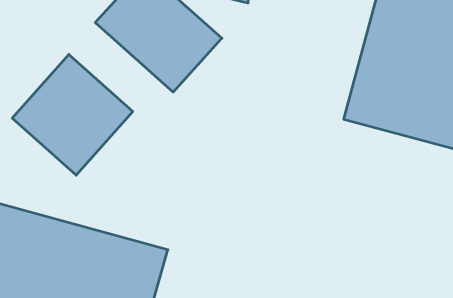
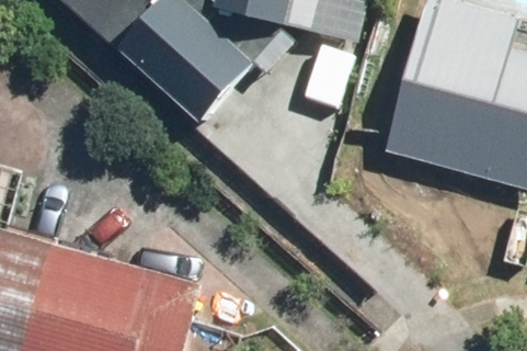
building: [12,54,133,175] -> none

